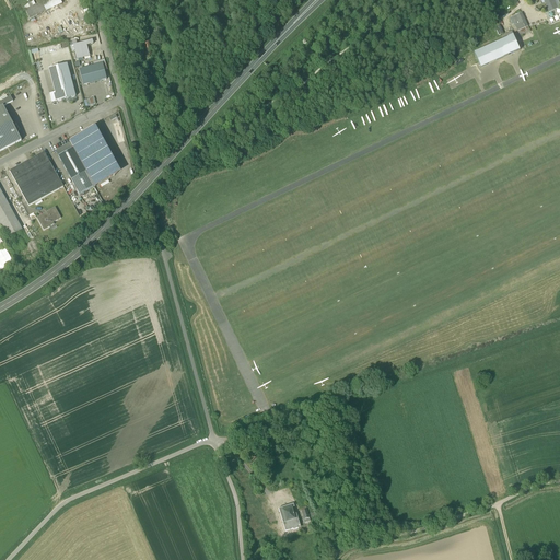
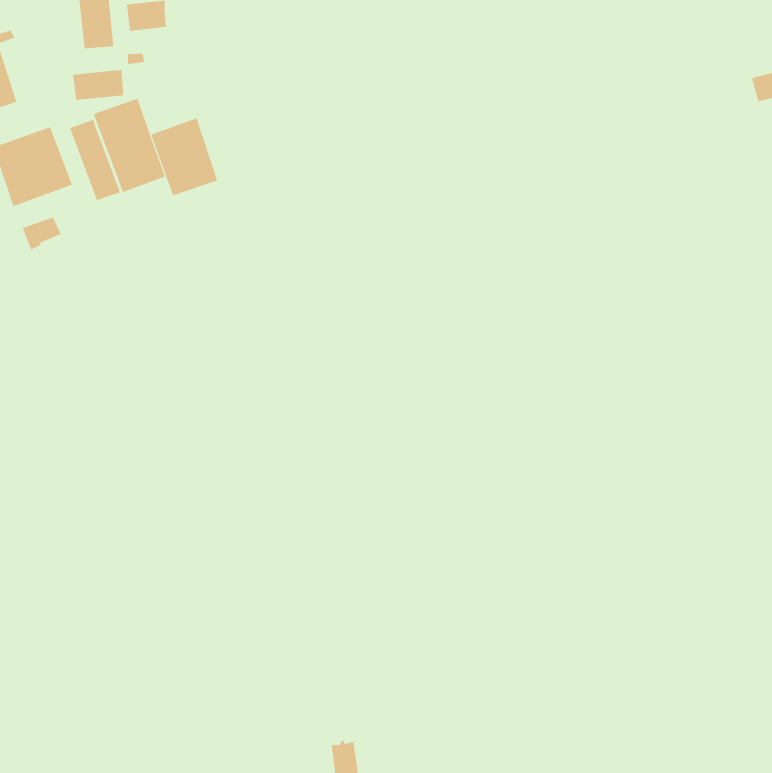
building: none -> [72,69,124,100]
building: none -> [151,118,218,196]

